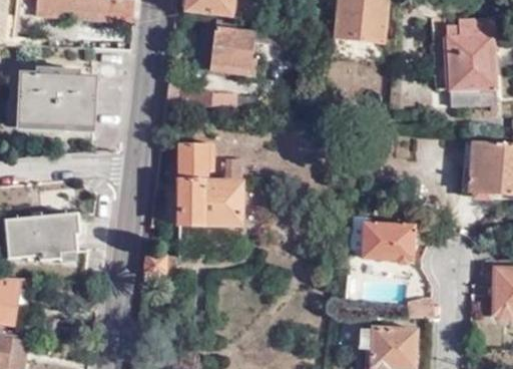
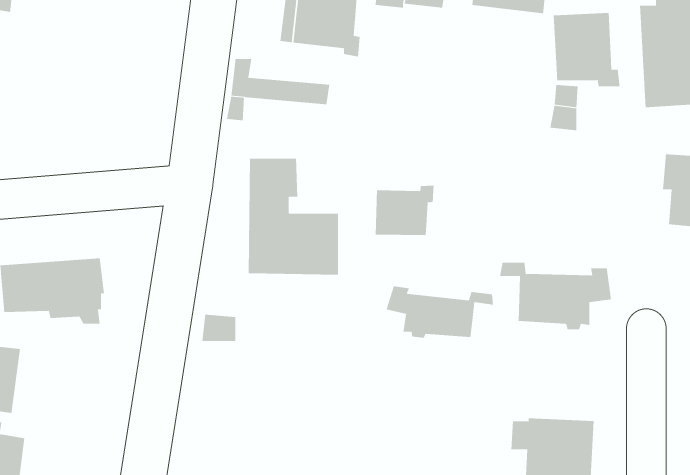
building: none -> [553,12,620,87]
building: [16,69,96,126] -> none
building: none -> [375,185,434,236]
building: none -> [386,286,494,339]

